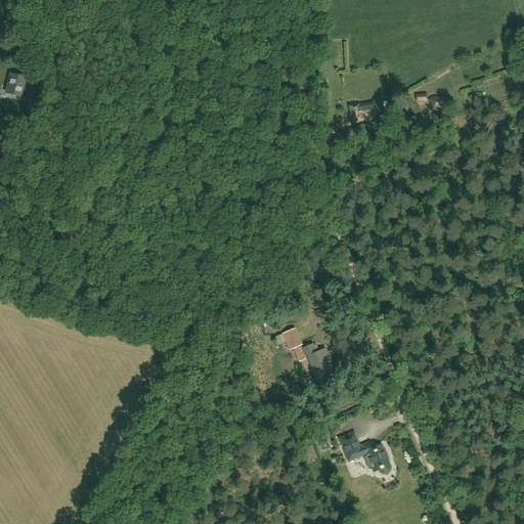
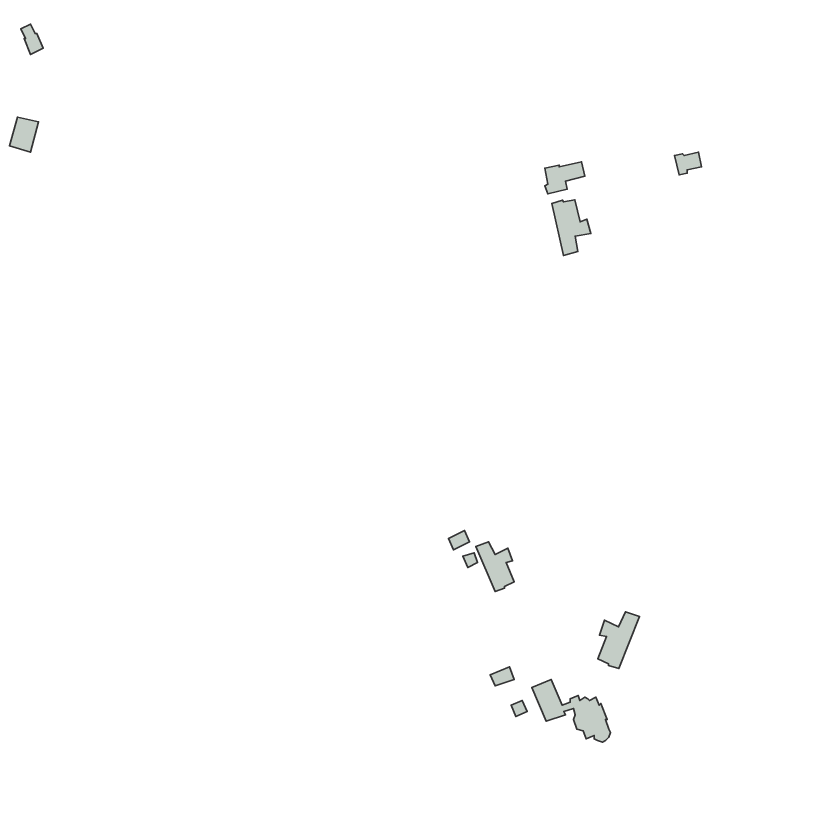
building: none -> [552,200,591,255]
building: none -> [598,612,639,669]

